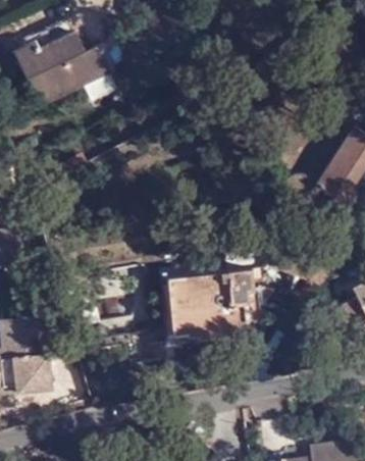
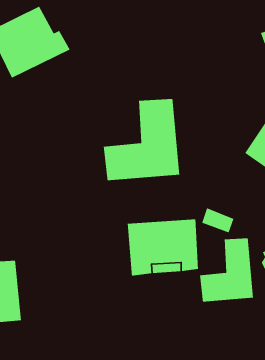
building: none -> [103,98,180,181]
building: none -> [199,237,254,302]

